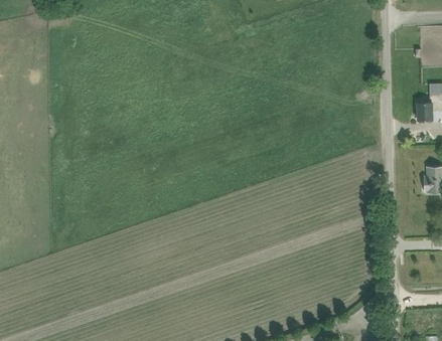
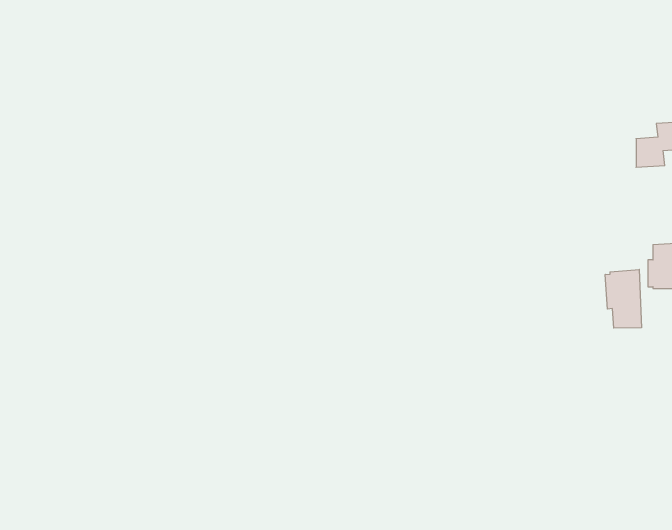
building: none -> [605,269,641,328]

